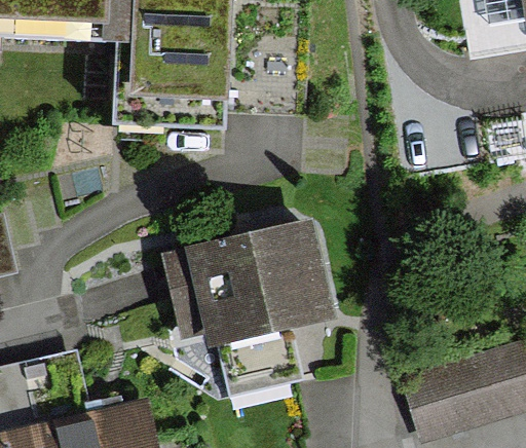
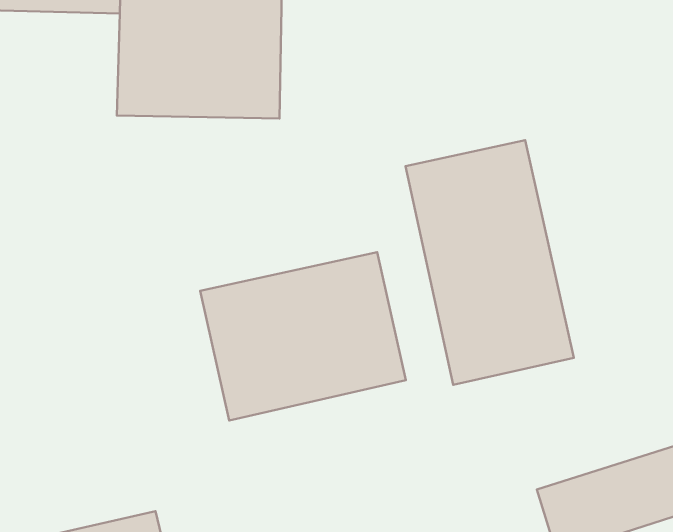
building: none -> [405,140,574,385]

